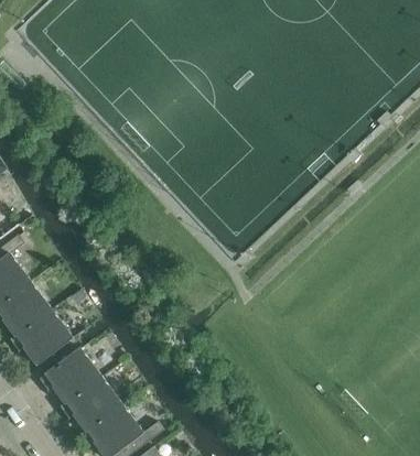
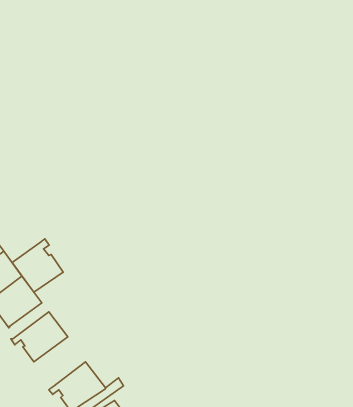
building: none -> [12,239,63,292]
building: [58,376,120,431] -> none

